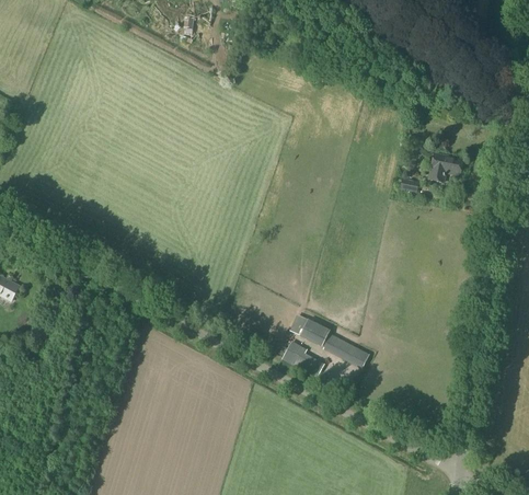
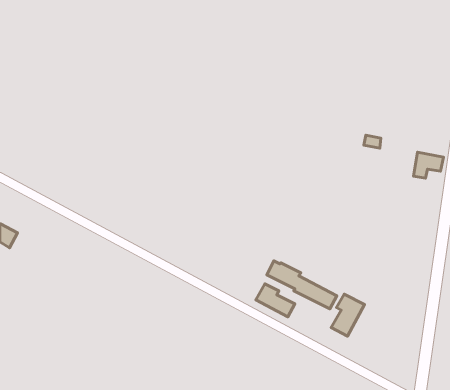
building: [429,152,462,181] -> [413,152,444,178]
building: none -> [331,294,364,336]

